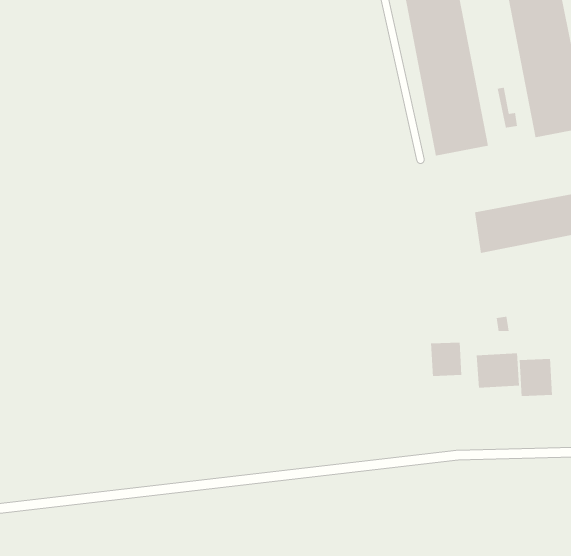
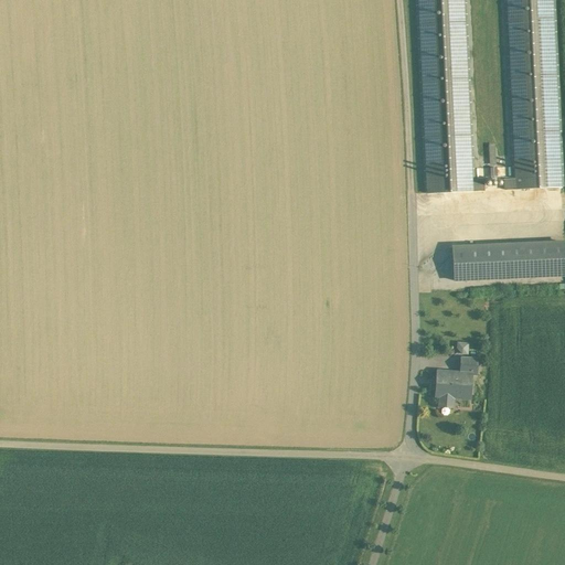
building: [431,342,462,377] -> none
building: [519,358,553,397] -> none

